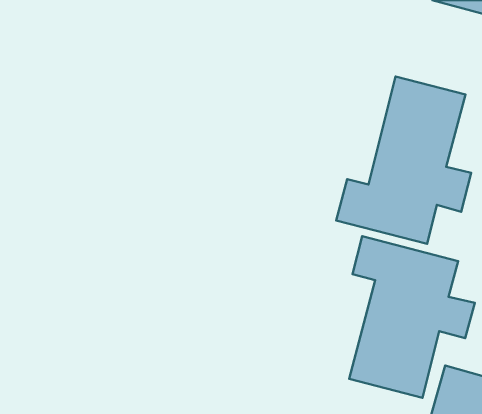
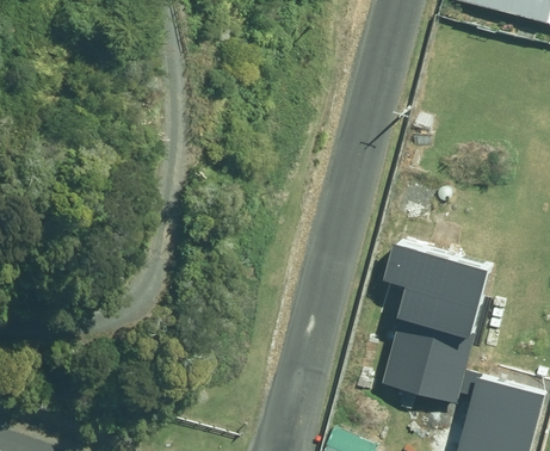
building: [336,76,471,244] -> none

